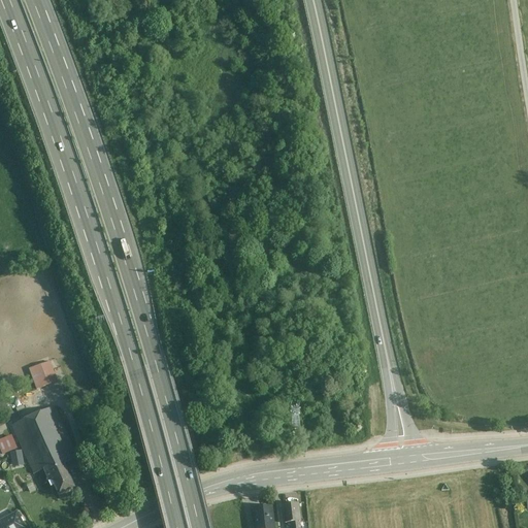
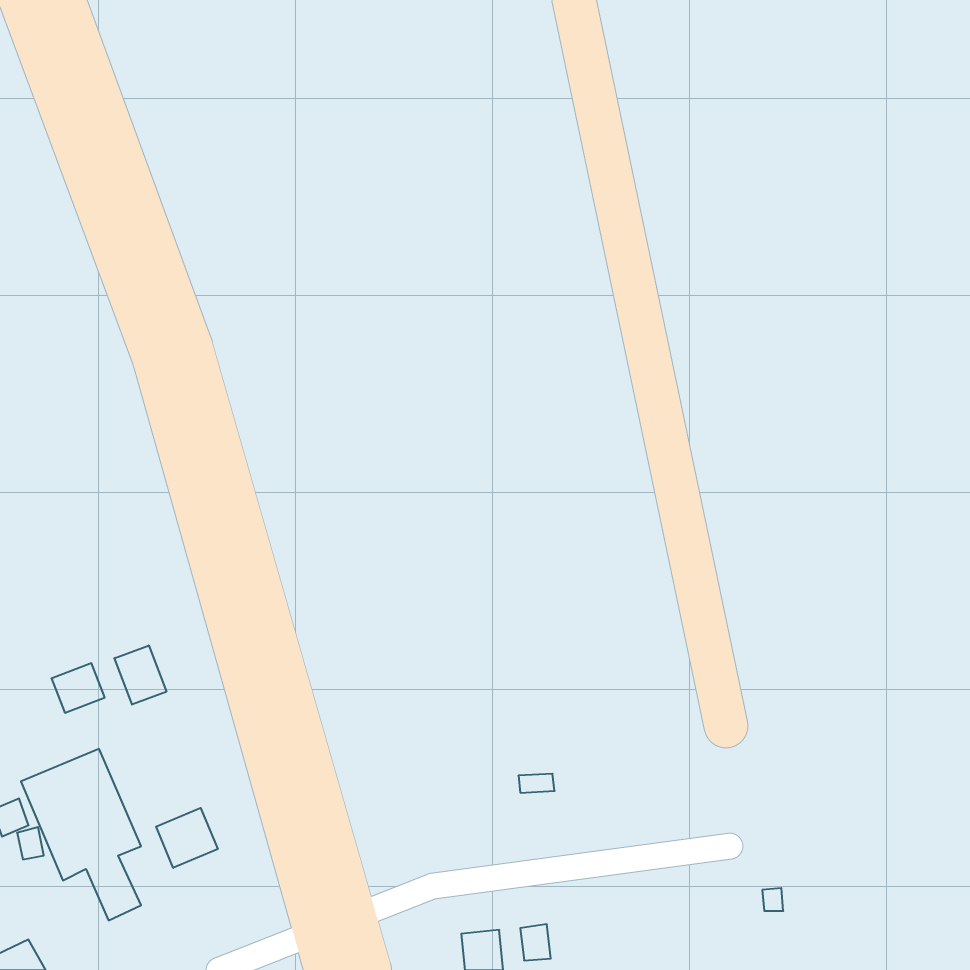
building: none -> [114,645,166,705]
building: none -> [156,808,218,868]

